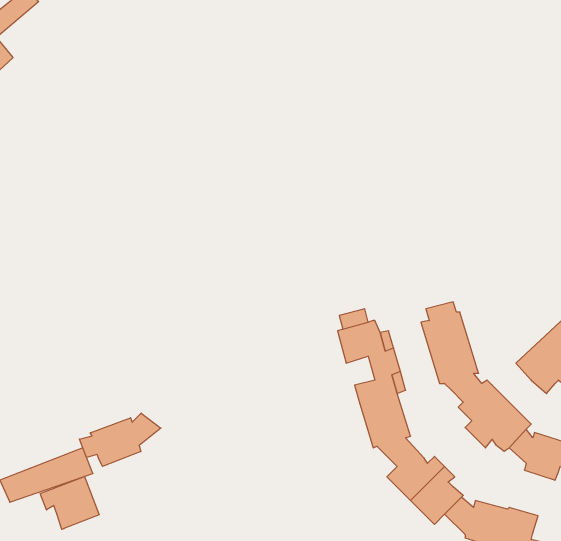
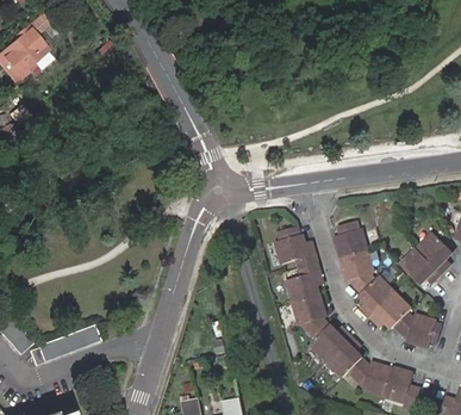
building: [79,413,161,466] -> none
building: [40,476,99,529] -> none

